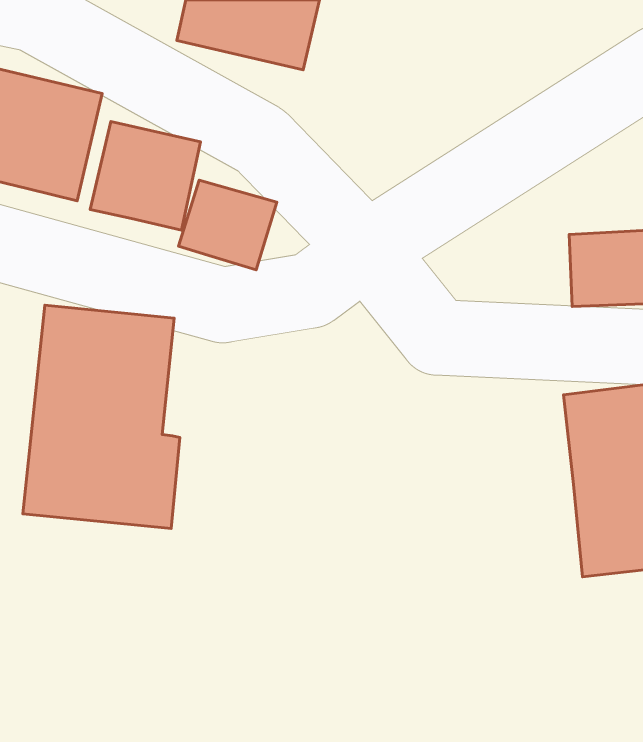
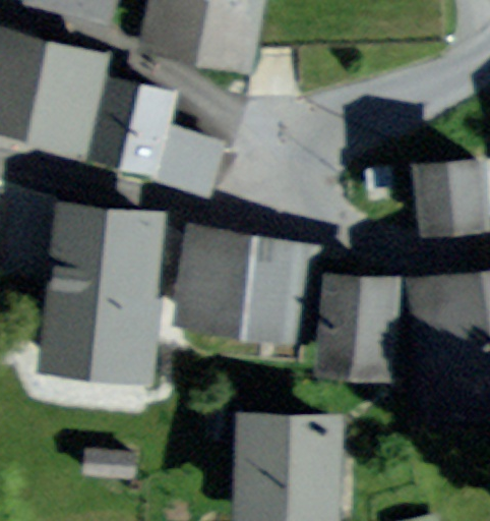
building: none -> [177,239,312,336]
building: none -> [323,277,391,373]
building: none -> [241,423,327,511]

